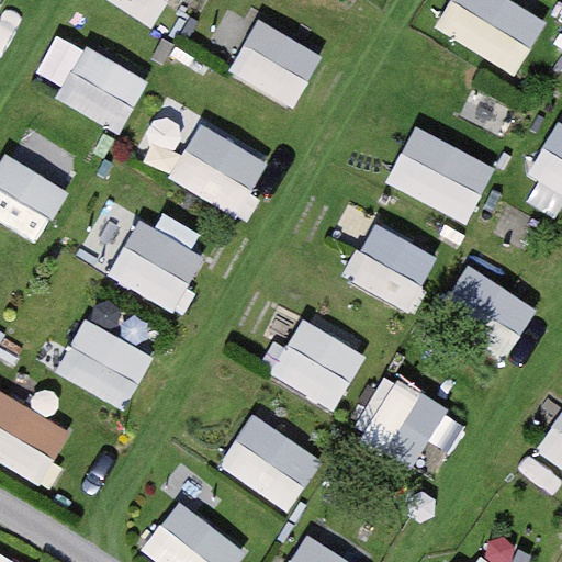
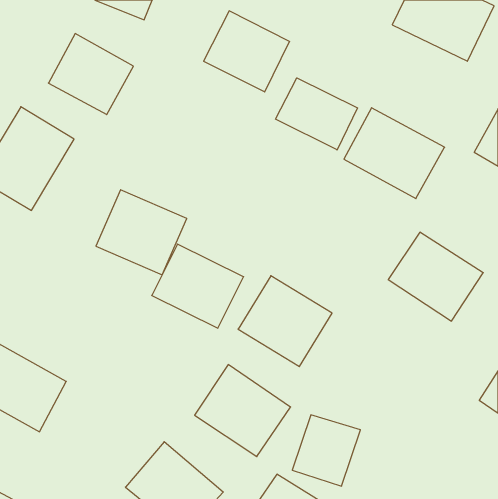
building: none -> [276,78,358,150]
building: [167,123,270,218] -> none
building: [341,224,439,315] -> none
building: [50,317,153,411] -> [152,244,244,328]
building: [364,383,440,462] -> [292,415,360,486]

